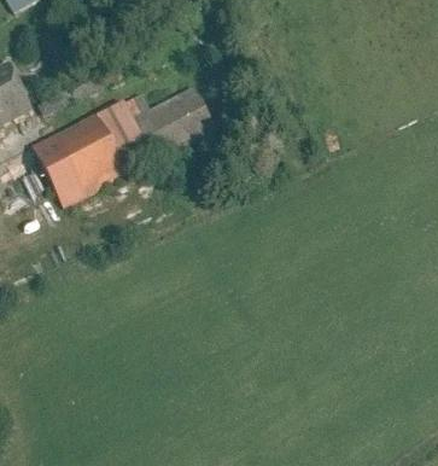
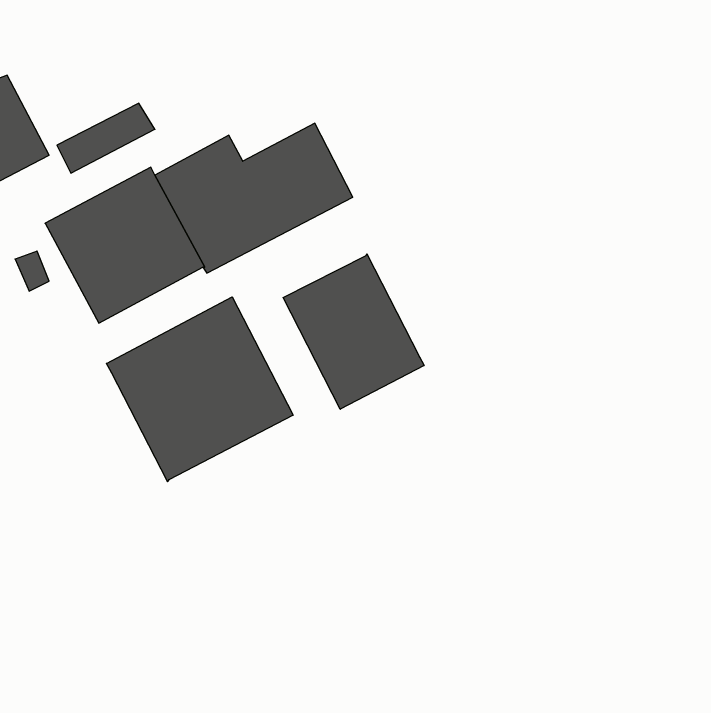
building: none -> [283,254,424,409]
building: none -> [106,297,293,482]

